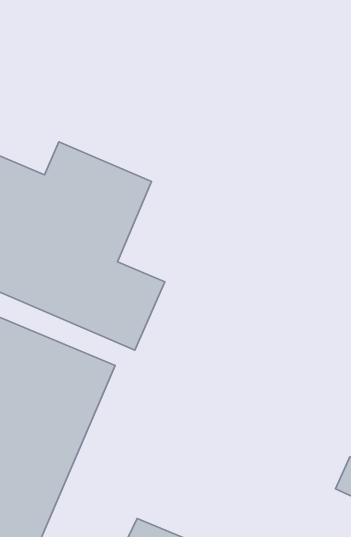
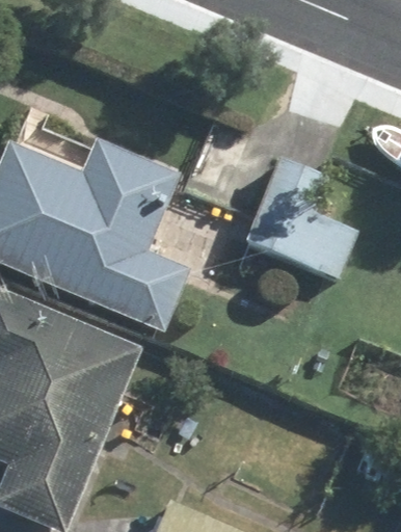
building: none -> [243,152,362,276]

